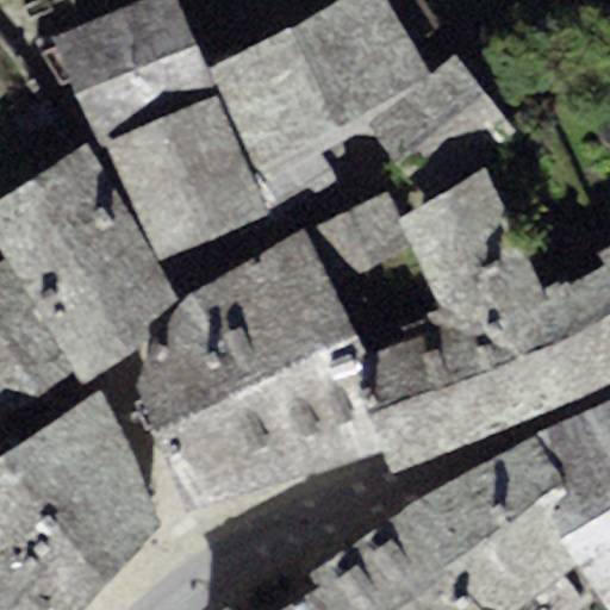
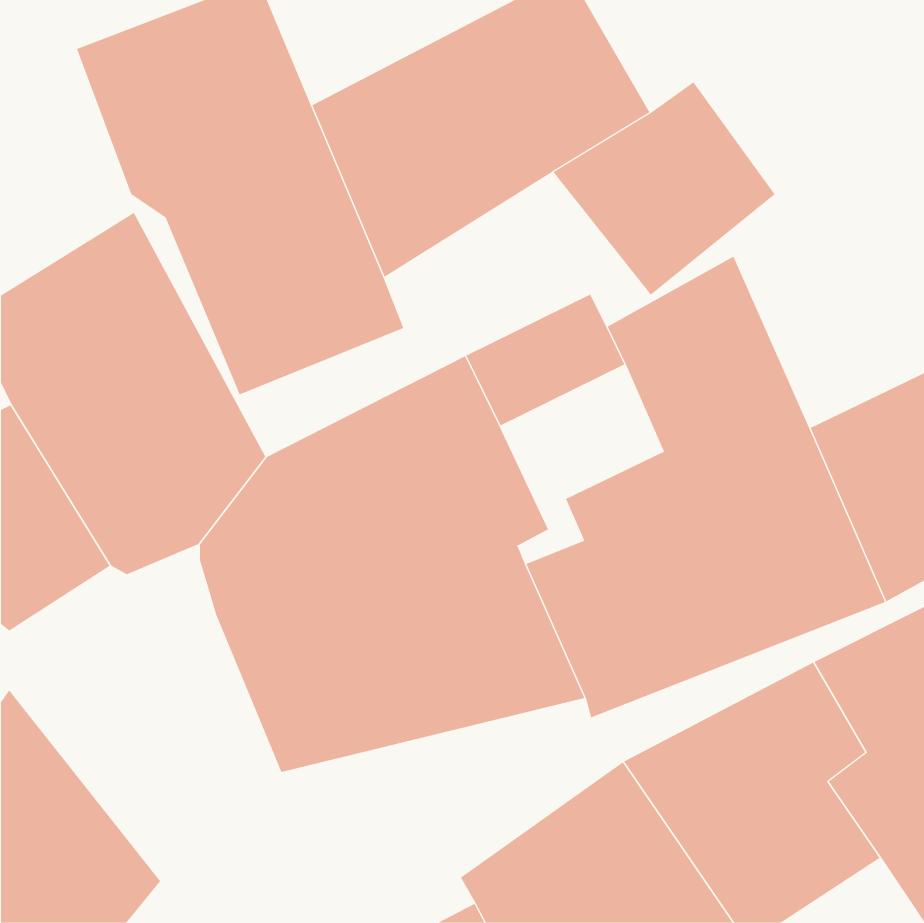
building: [7,392,161,579] -> none

